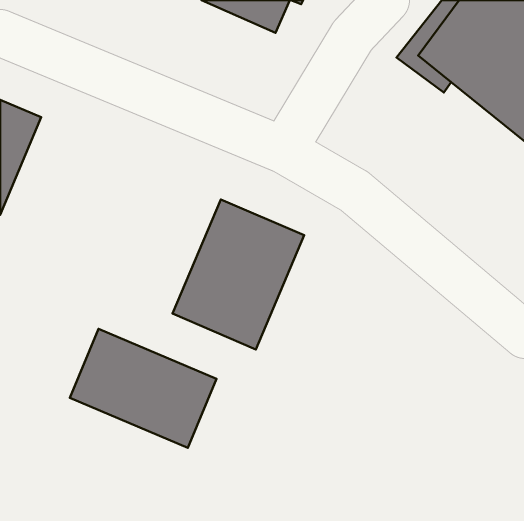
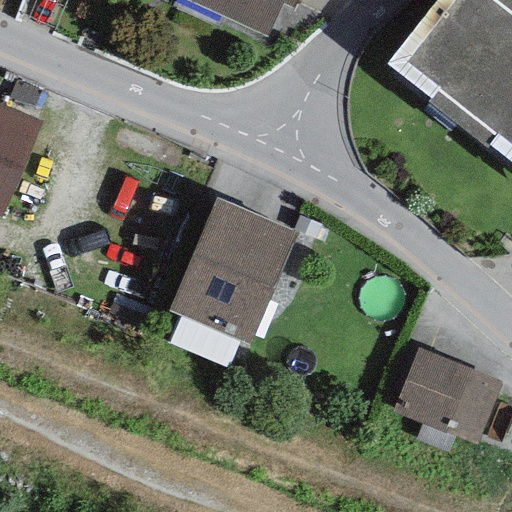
building: [70,329,216,448] -> none
building: none -> [395,350,502,444]

